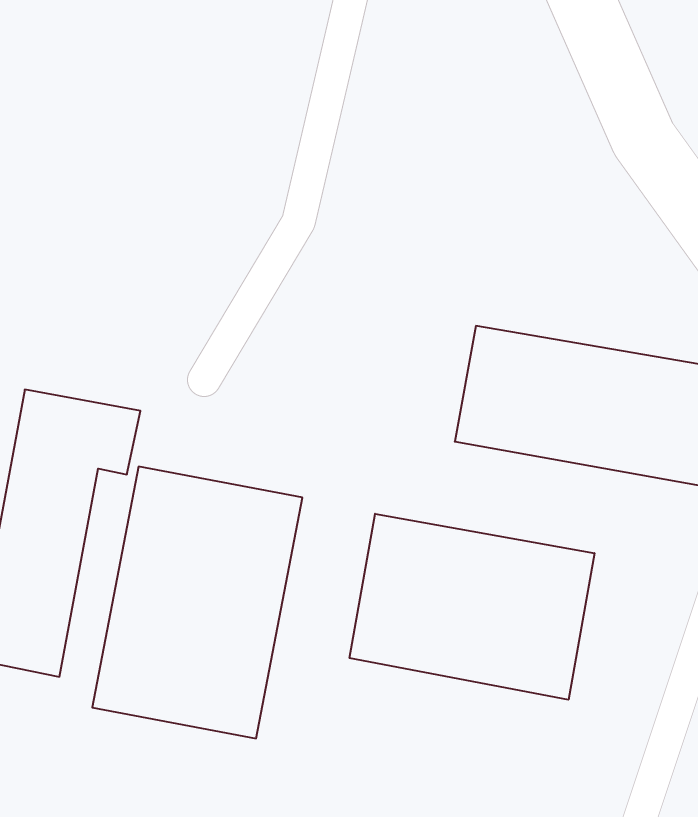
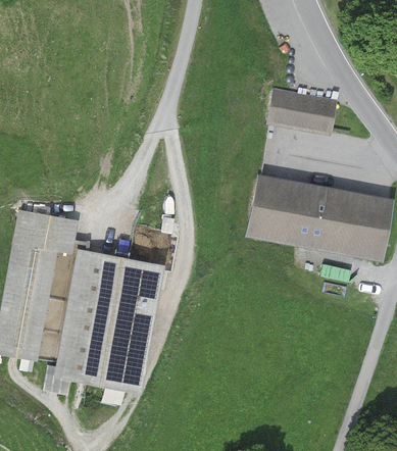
building: none -> [266,88,337,136]
building: [350,514,594,700] -> none

